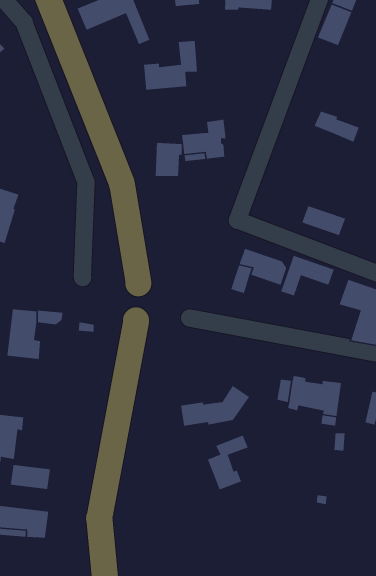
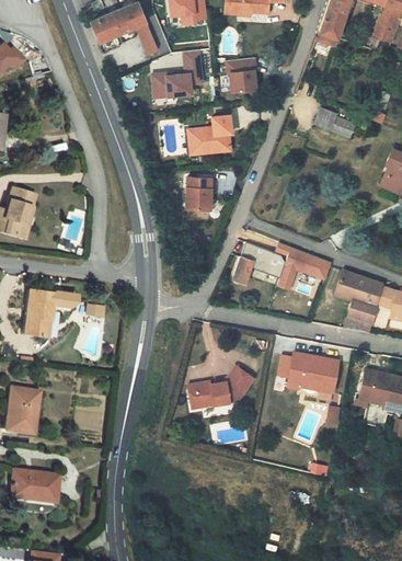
building: none -> [229,62,259,95]
building: [155,142,182,177] -> [189,181,215,213]
building: [301,205,346,236] -> none
building: [207,434,249,491] -> none
building: [10,464,51,490] -> none

